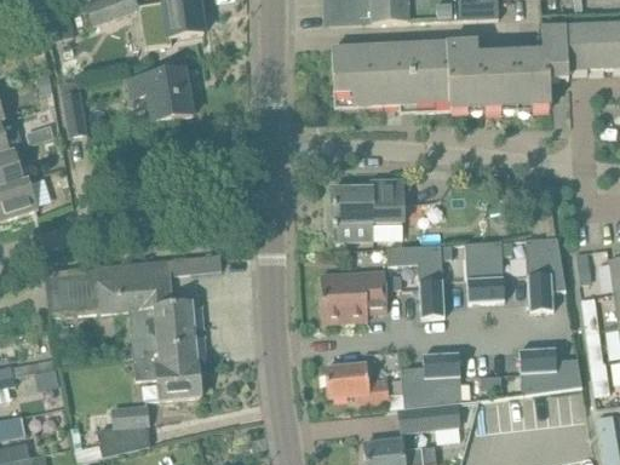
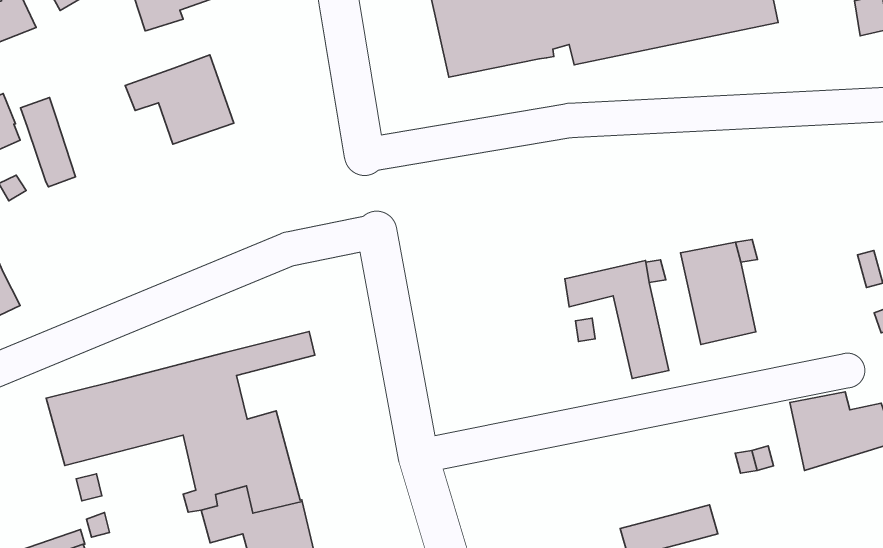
building: [331,179,403,240] -> none
building: [524,237,566,311] -> none
building: [320,271,386,322] -> none
building: [400,352,460,407] -> none
building: [325,363,389,404] -> none

